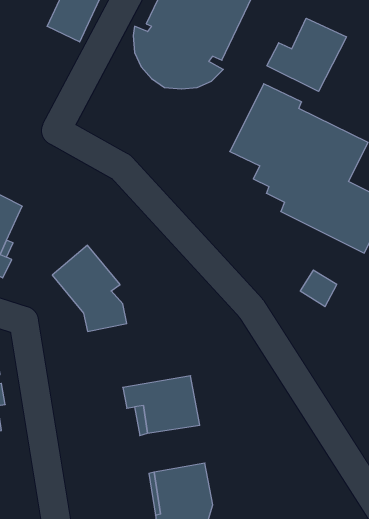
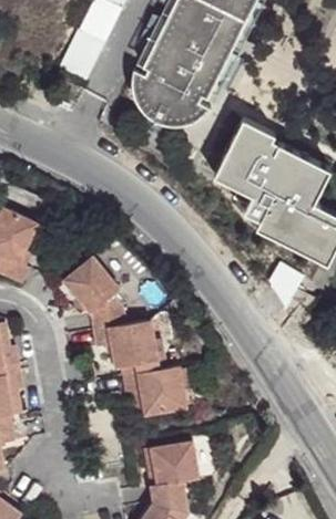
building: [267,18,346,91] -> none
building: none -> [92,319,157,369]

